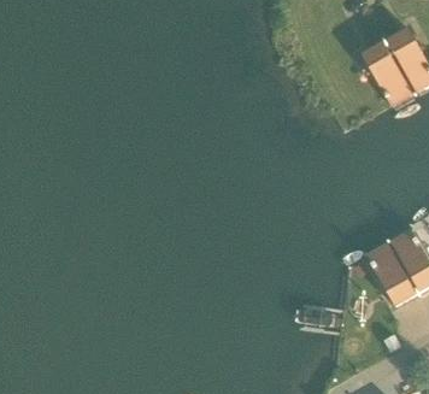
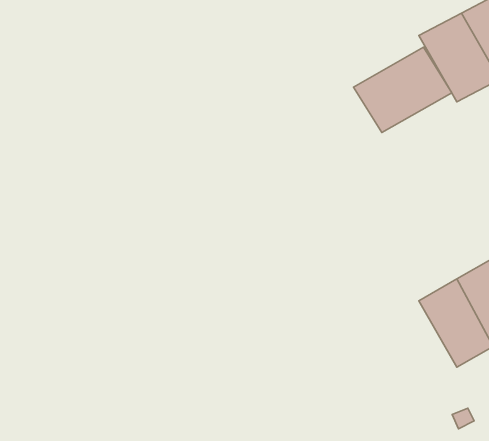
building: none -> [354,47,452,133]

